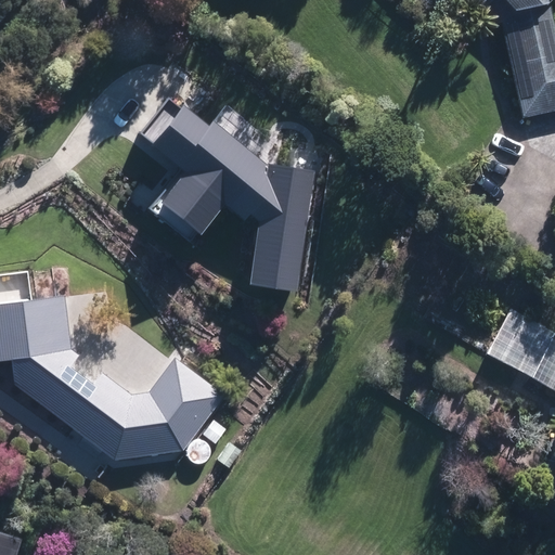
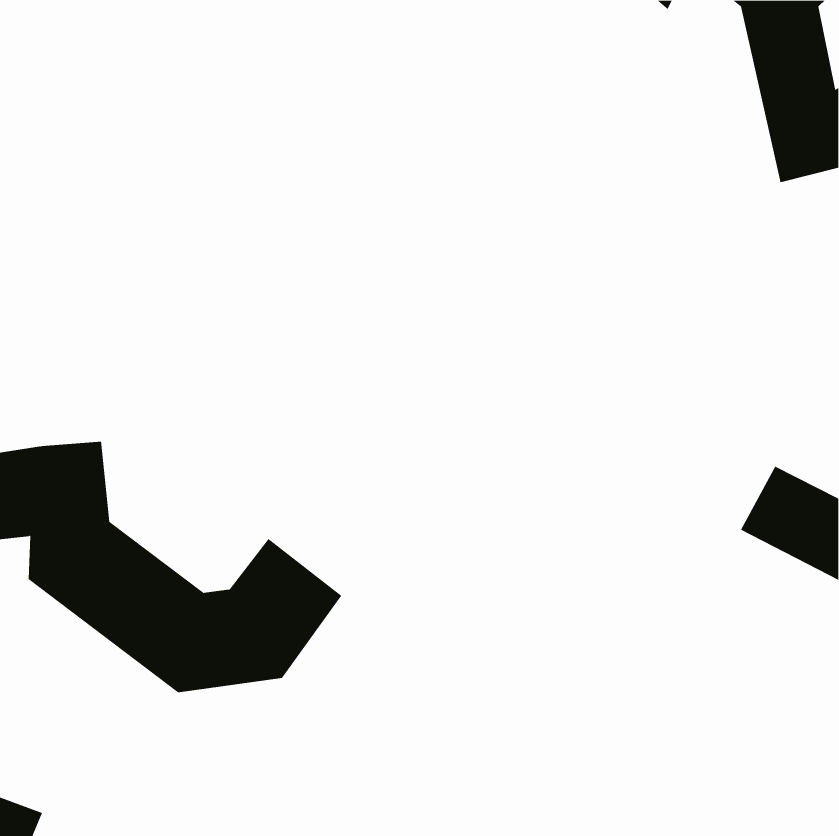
building: [142,102,313,292] -> none

